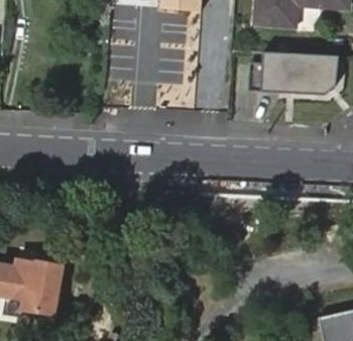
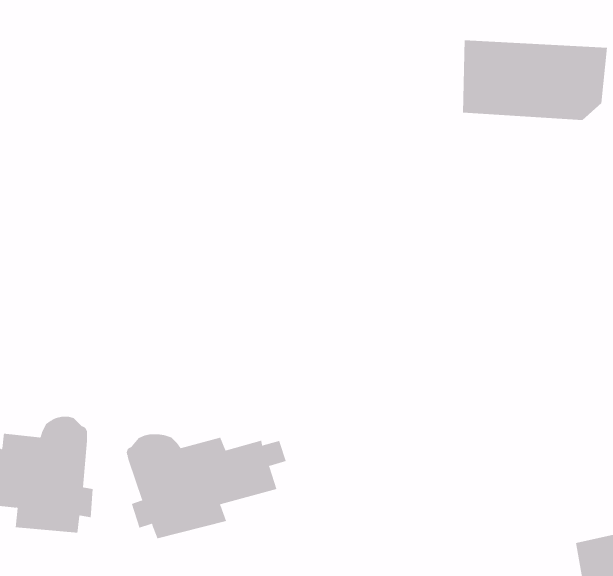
building: none -> [126,434,287,539]

